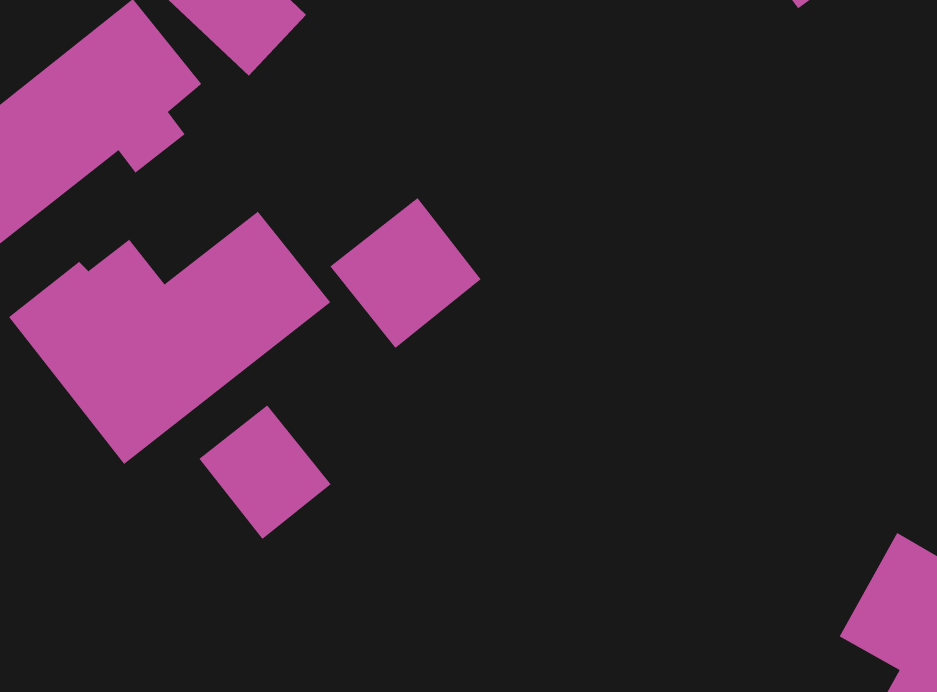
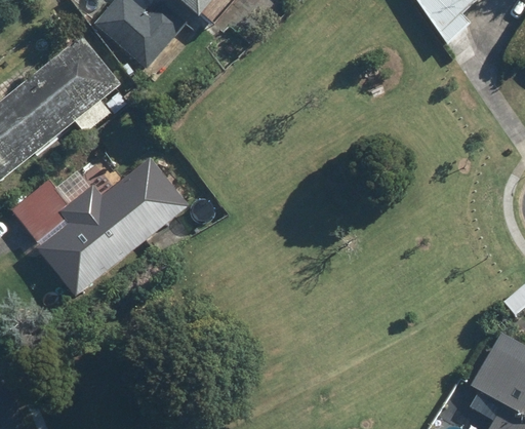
building: [330,197,482,349] -> none
building: [198,405,332,540] -> none

